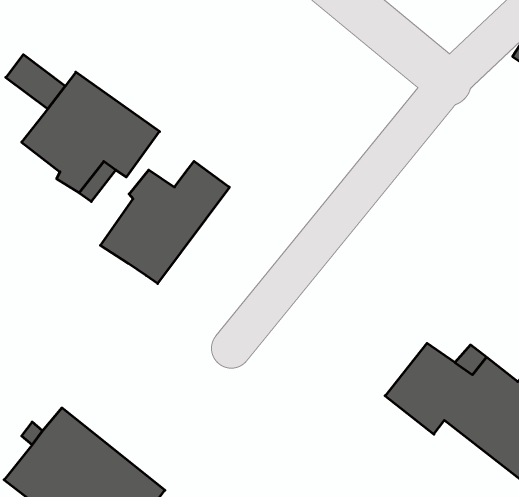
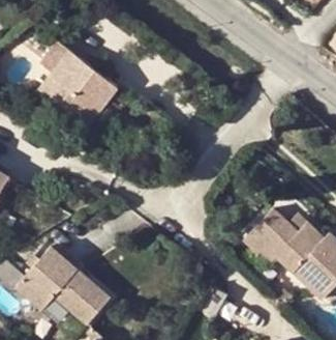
building: [100,161,229,284] -> none

